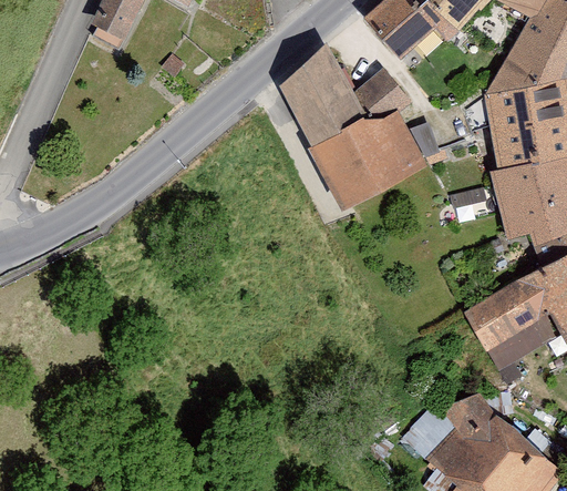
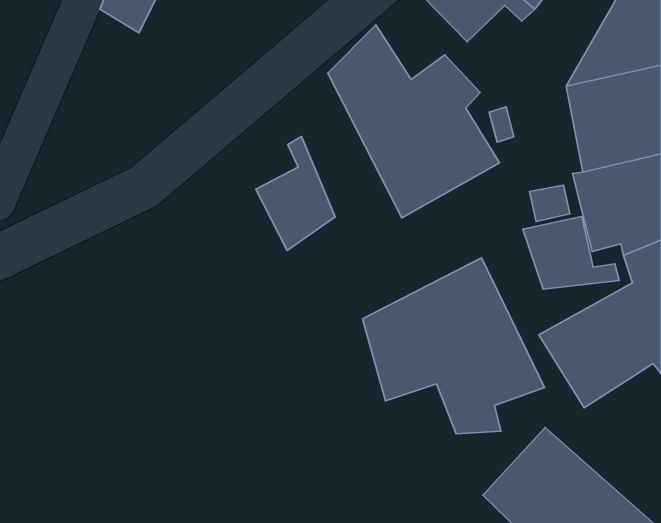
building: none -> [256,137,335,250]
building: none -> [523,216,619,289]
building: none -> [363,258,544,434]

